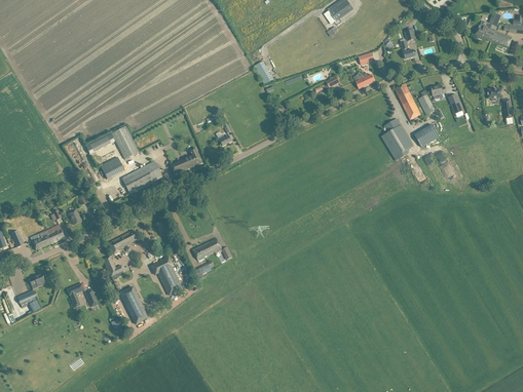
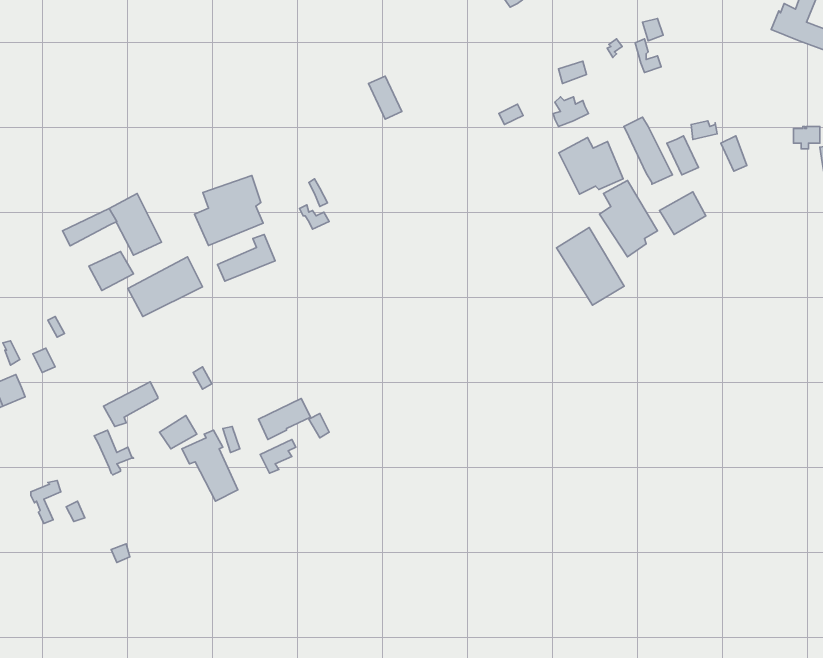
building: none -> [559,138,623,194]
building: none -> [194,176,263,246]
building: none -> [556,227,624,305]
building: [119,286,149,323] -> none

